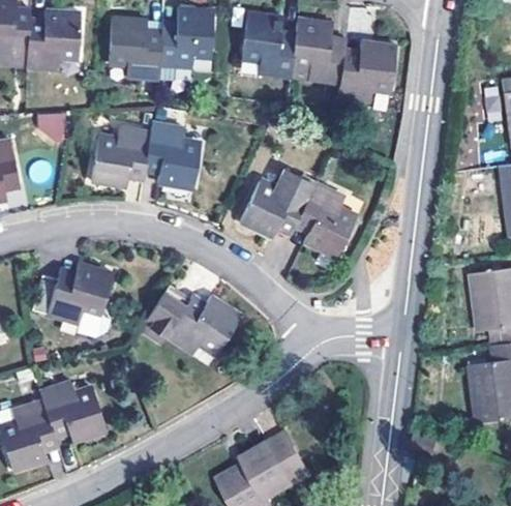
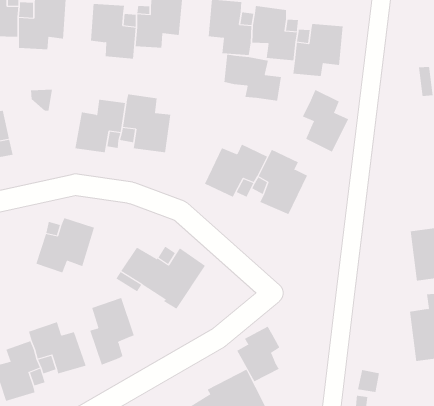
building: none -> [224,54,282,102]
building: none -> [302,89,349,152]
building: none -> [89,297,134,365]
building: none -> [237,326,280,382]

